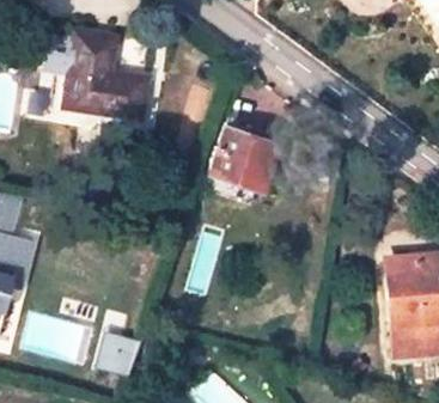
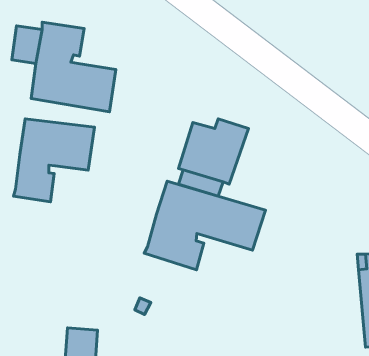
building: none -> [14,119,95,202]
building: none -> [144,181,265,270]

